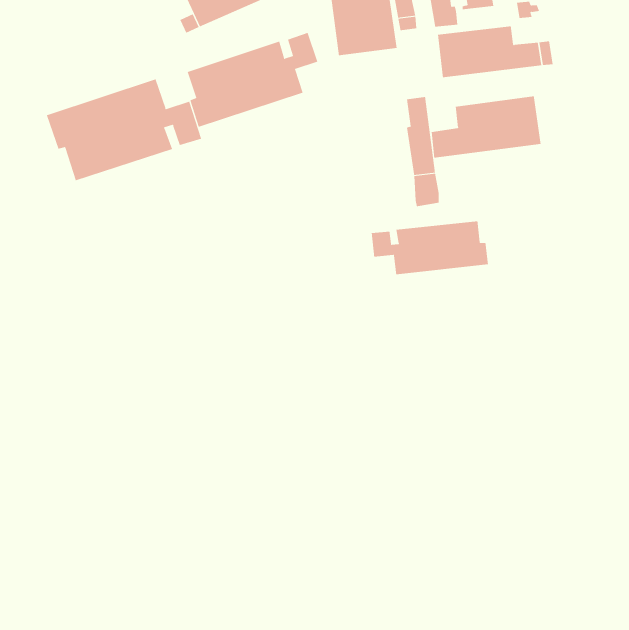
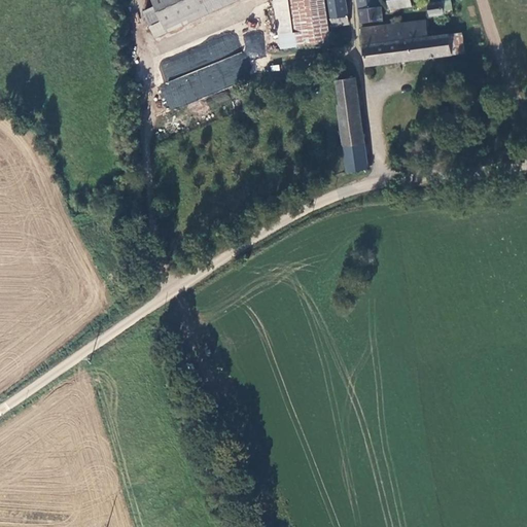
building: [46,79,202,181] -> none
building: [431,95,541,158] -> none
building: [371,220,489,275] -> none

